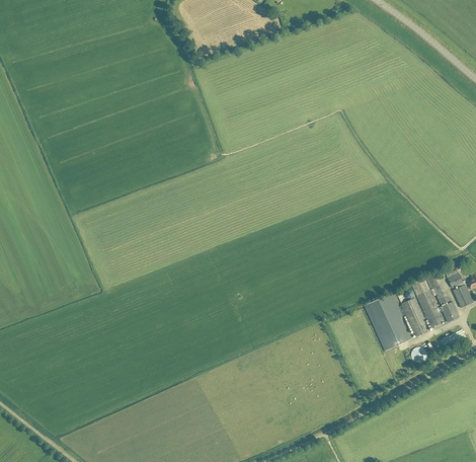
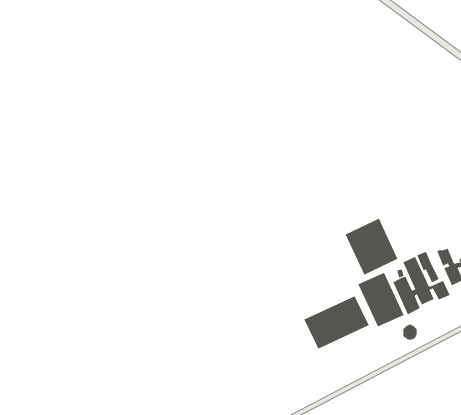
building: none -> [345,218,398,275]
building: none -> [304,295,370,349]

